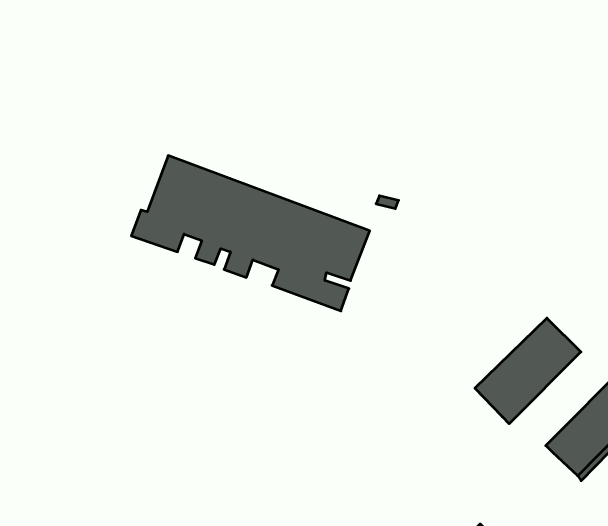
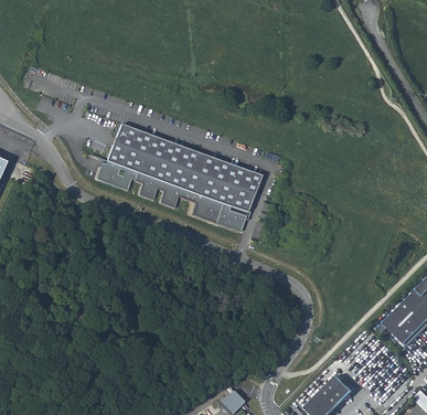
building: [475,318,581,424] -> none

